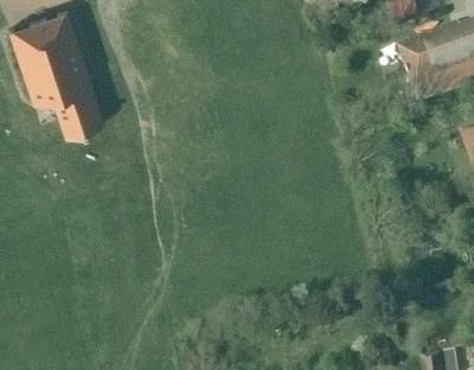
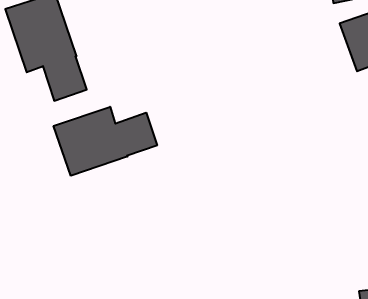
building: none -> [54,107,157,176]

